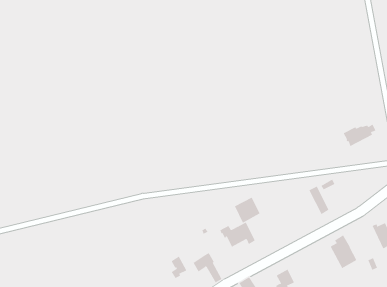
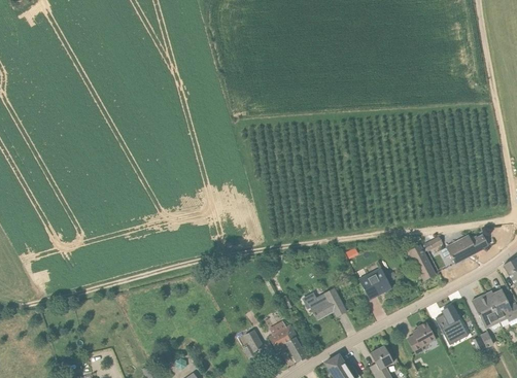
building: [343,124,376,147] -> [446,236,486,264]
building: [234,197,261,223] -> [358,268,390,300]
building: none -> [471,294,498,329]
building: none -> [407,322,435,353]

